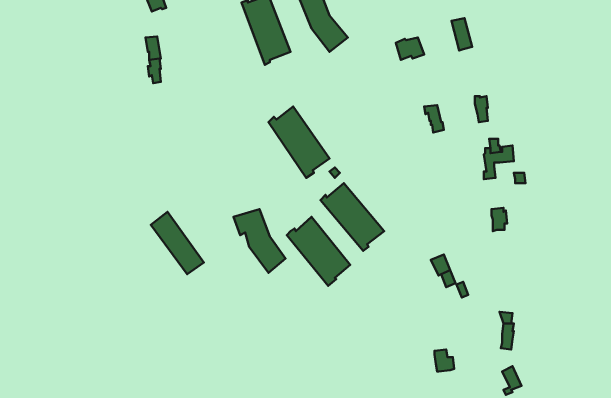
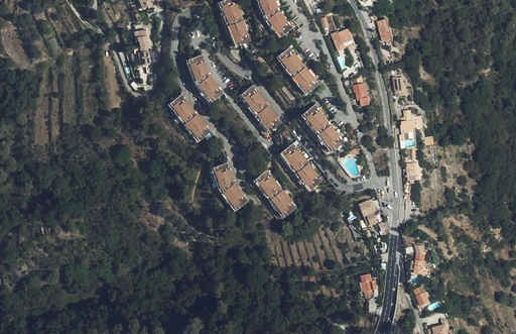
building: none -> [278,48,319,94]
building: none -> [180,55,223,109]
building: none -> [295,103,344,155]
building: [151,212,204,274] -> [168,94,210,142]

